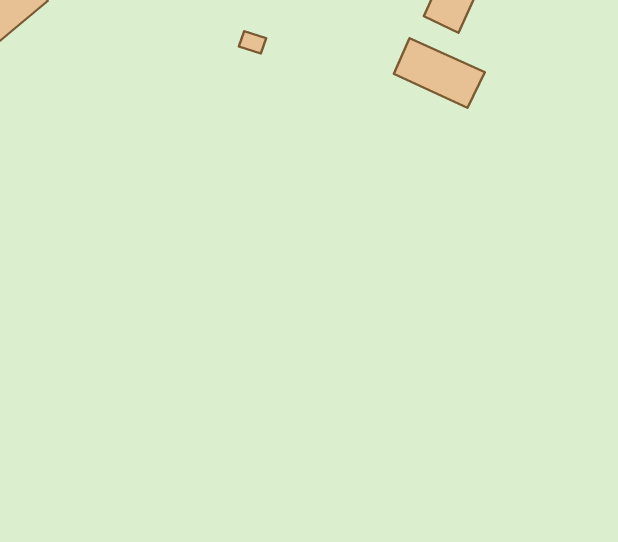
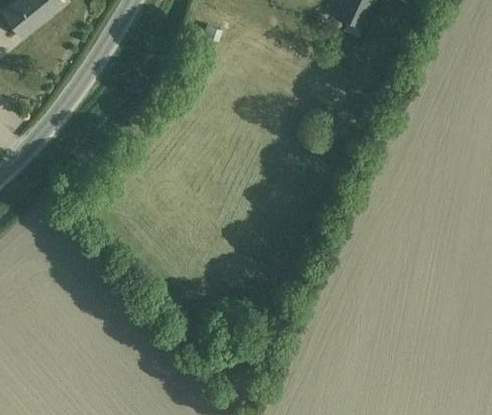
building: [394,38,485,108] -> none

